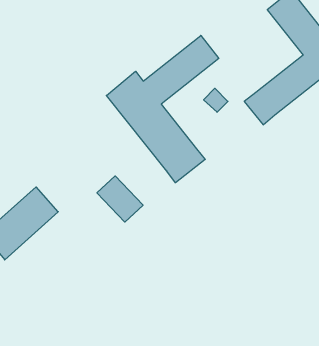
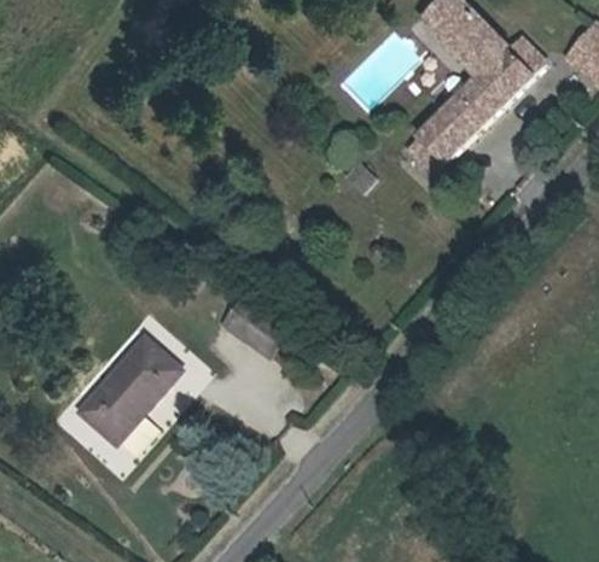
building: [106,35,219,183] -> none

